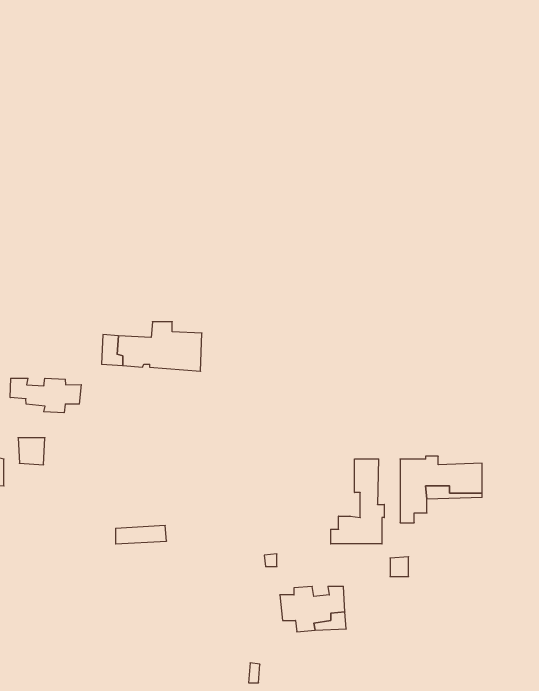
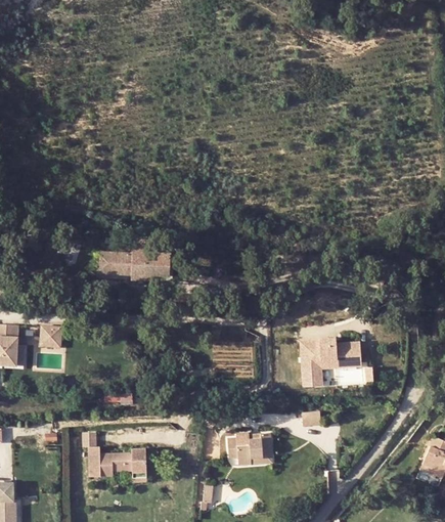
building: [10,378,81,413] -> none
building: [331,459,384,544] -> none
building: none -> [81,431,145,476]

